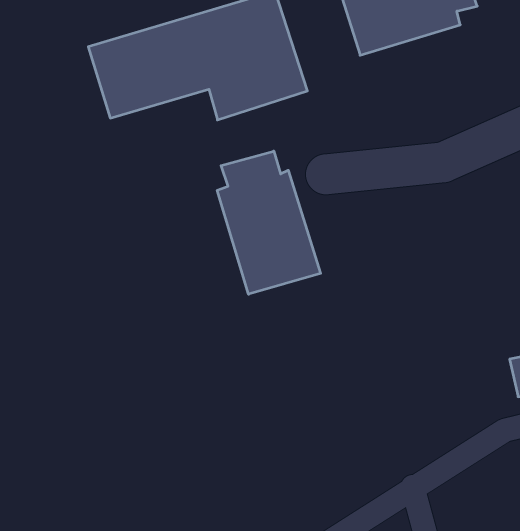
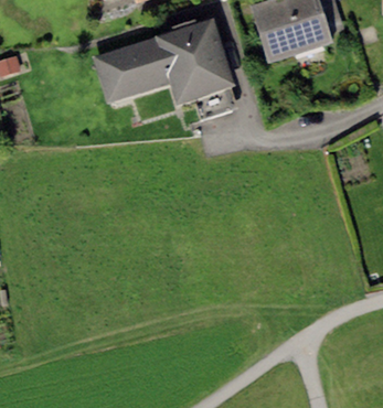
building: [217,151,321,294] -> none

